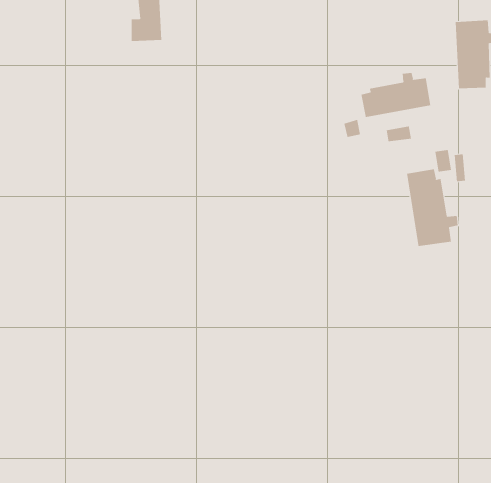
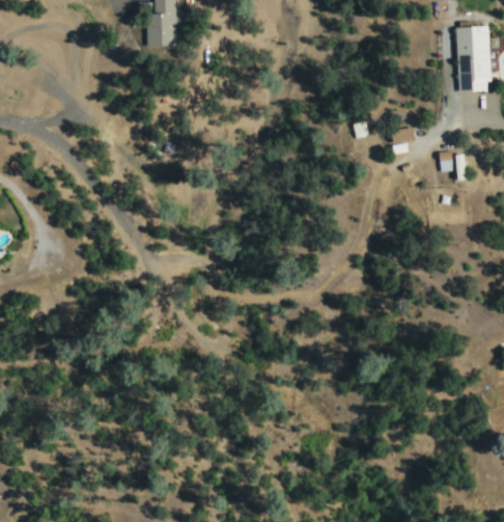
building: [361,72,431,118] -> none
building: [407,169,458,247] -> none

